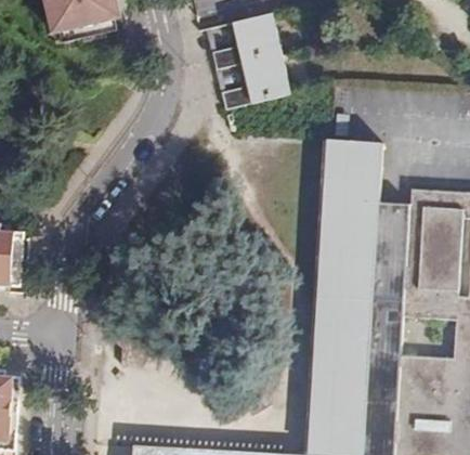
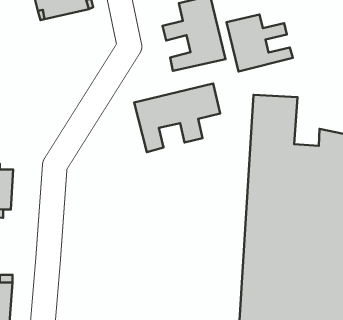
building: none -> [227,14,293,72]
building: none -> [134,84,220,152]

